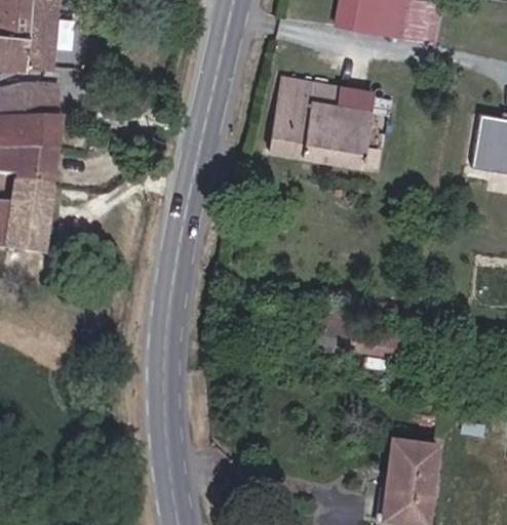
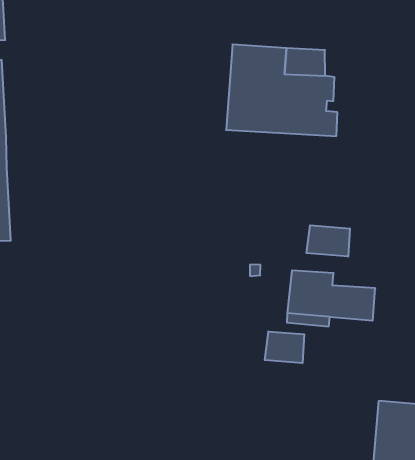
building: none -> [306,225,350,257]
building: none -> [265,331,304,363]

